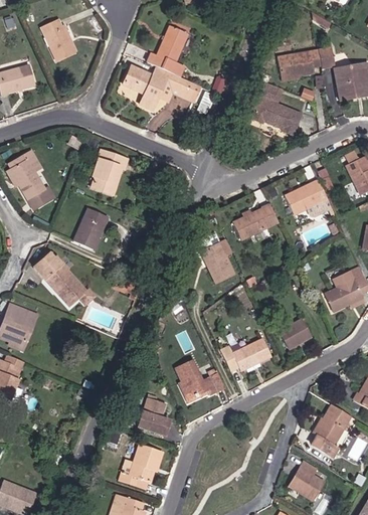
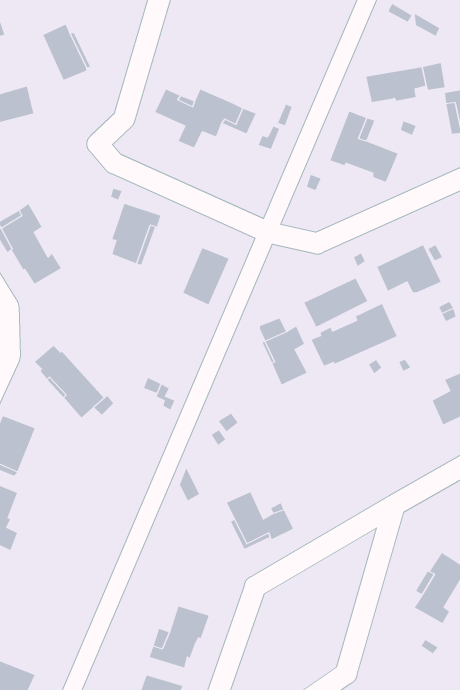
building: [147,25,188,76] -> none
building: [73,208,108,250] -> [183,247,230,305]
building: none -> [311,303,398,366]
building: [278,318,312,350] -> none
building: [220,339,271,370] -> none
building: [137,397,166,433] -> none
building: [289,461,324,500] -> none

